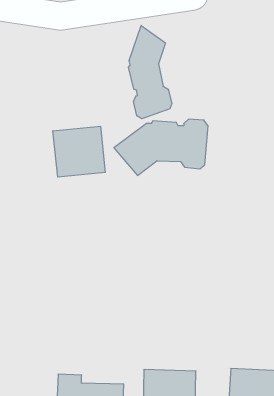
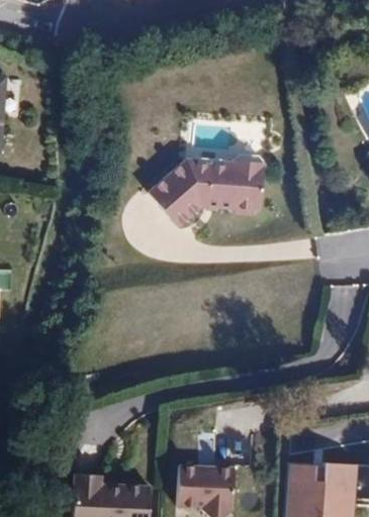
building: [129,25,172,119] -> none
building: [53,126,105,177] -> none

